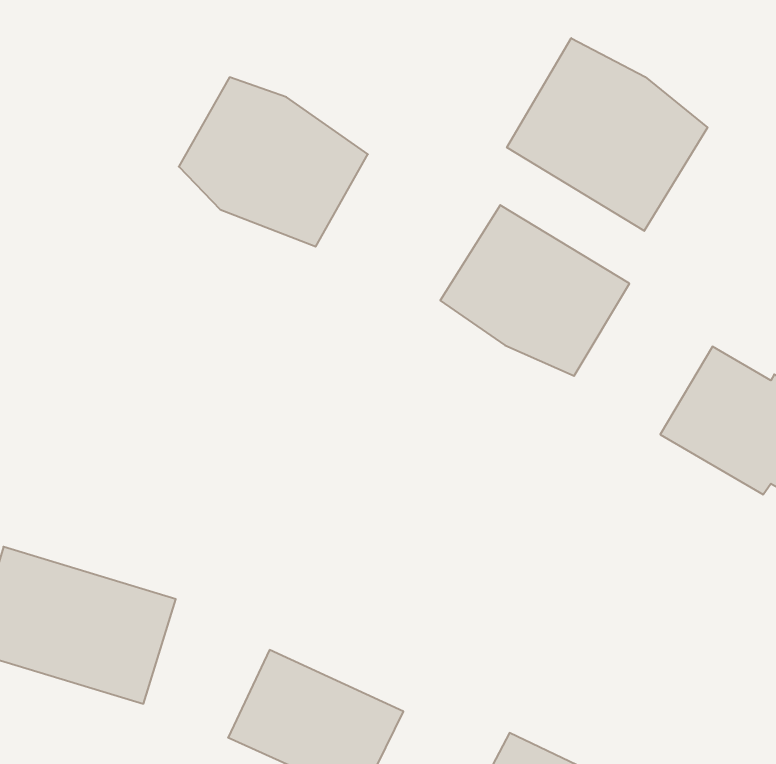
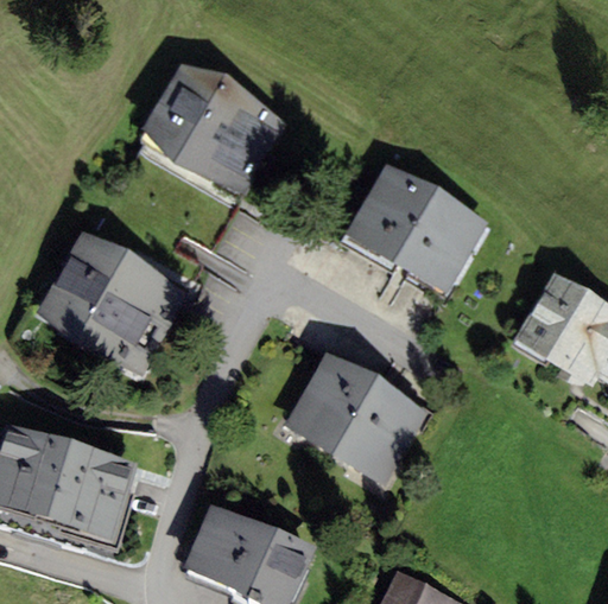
building: [507,38,708,231] -> none
building: none -> [38,230,190,368]
building: none -> [285,351,428,482]

